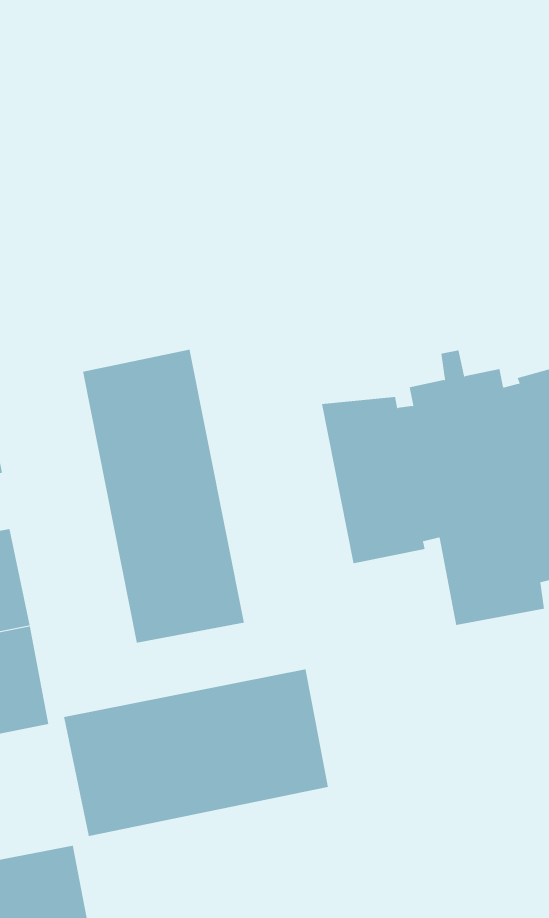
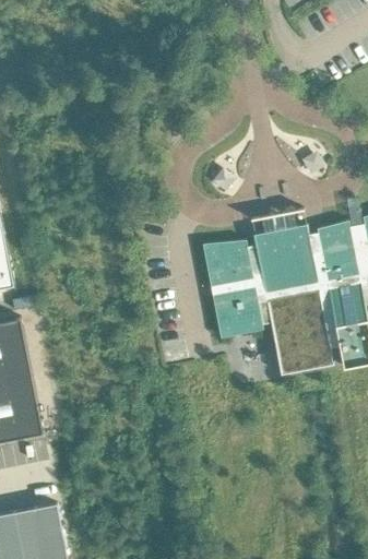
building: [83,349,244,644] -> none
building: [64,668,328,837] -> none

